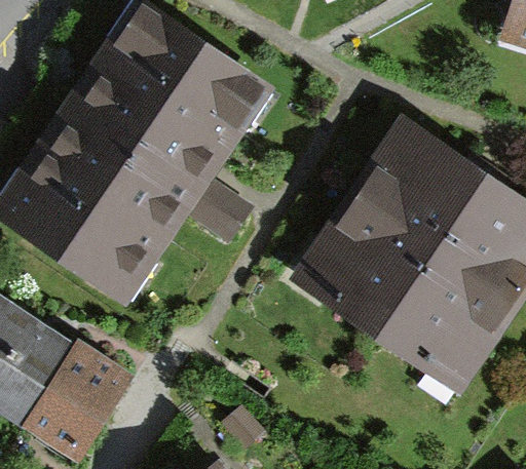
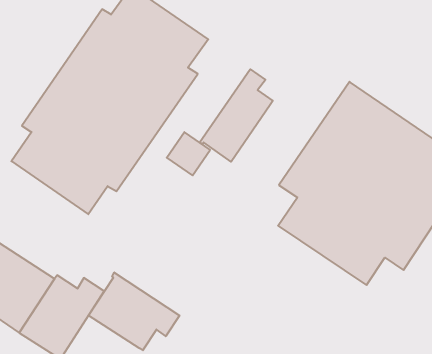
building: none -> [199,69,273,162]
building: none -> [89,272,179,350]

